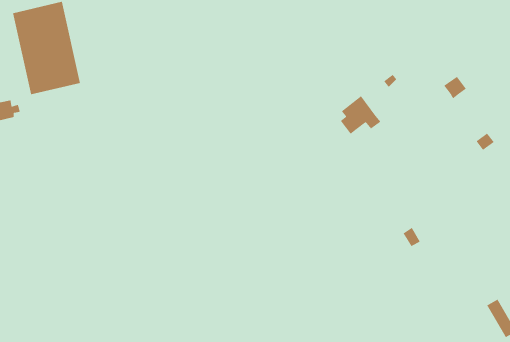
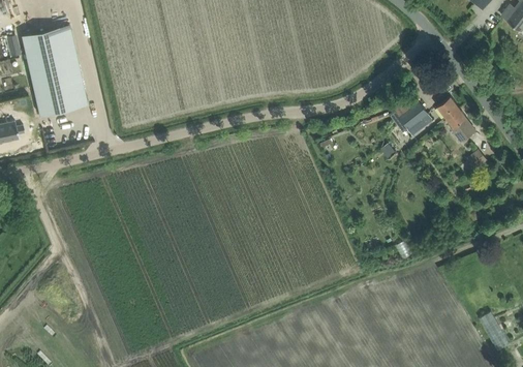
building: none -> [447,111,474,143]
building: [340,95,382,135] -> [393,96,433,134]

